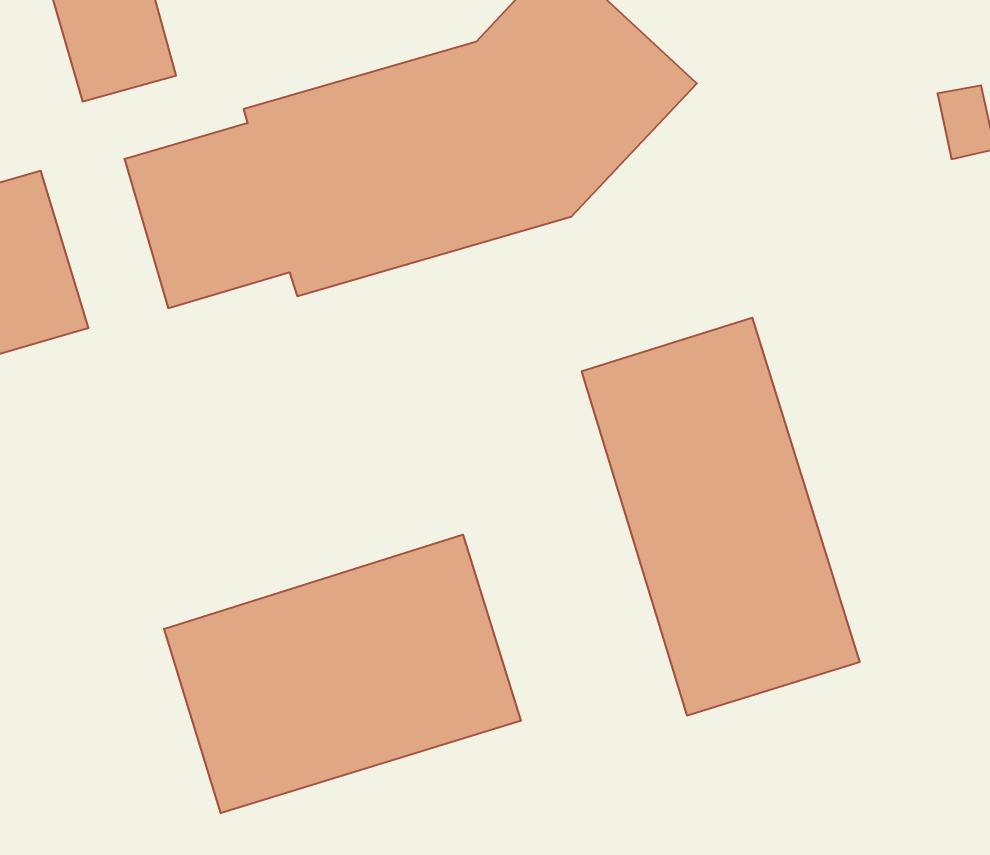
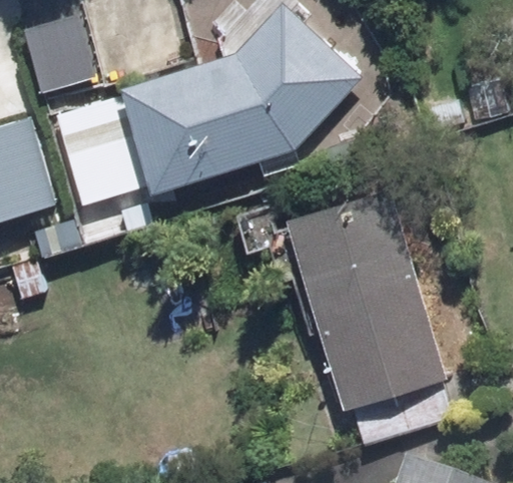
building: [164,535,521,813] -> none

